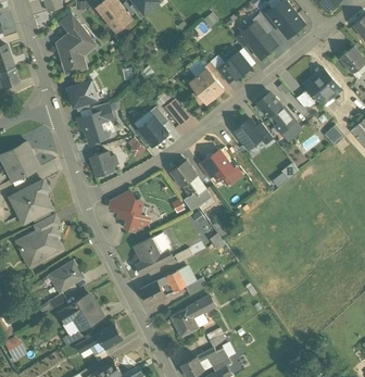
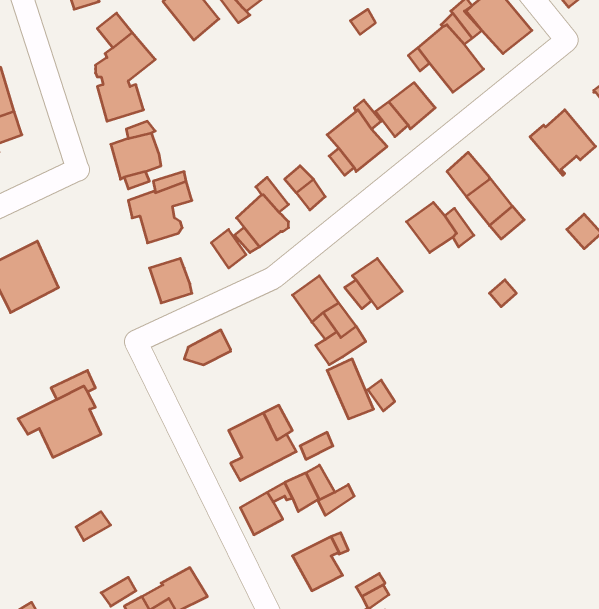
building: [11,180,52,218] -> none
building: [118,200,148,231] -> none
building: [51,261,84,291] -> none
building: [60,296,103,330] -> none

